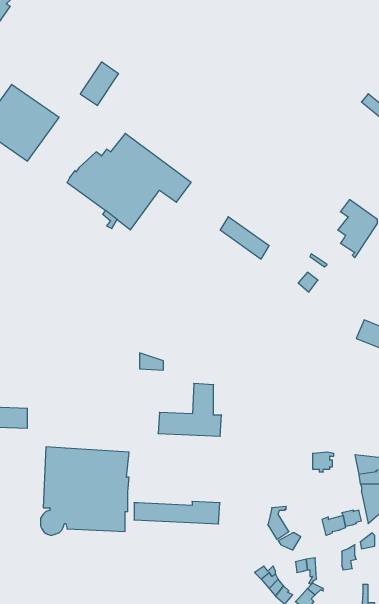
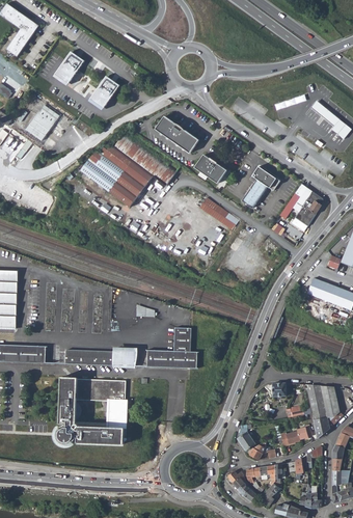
building: none -> [53,50,83,84]
building: none -> [154,115,197,152]
building: none -> [193,154,225,183]
building: none -> [241,165,278,207]
building: [134,501,220,524] -> [67,349,135,366]

